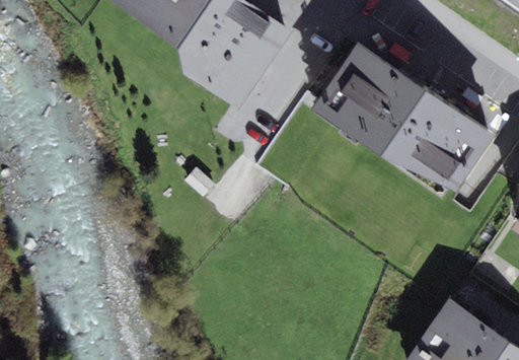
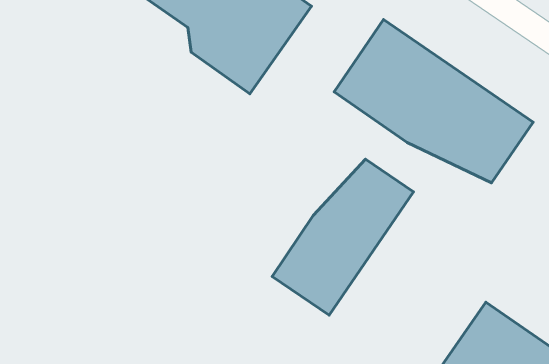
building: none -> [272,159,414,315]

